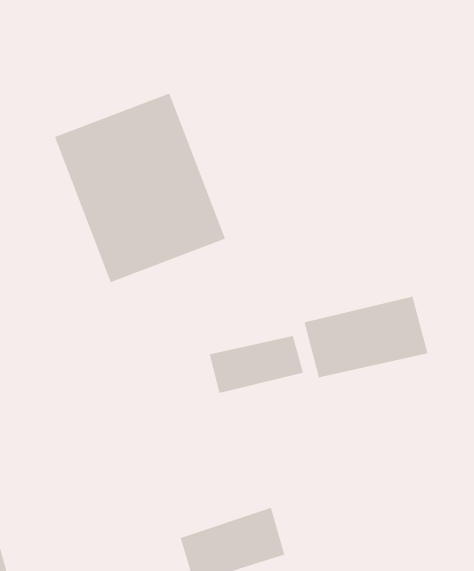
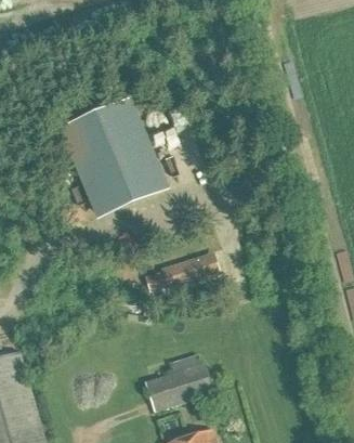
building: [304,296,428,378] -> none

